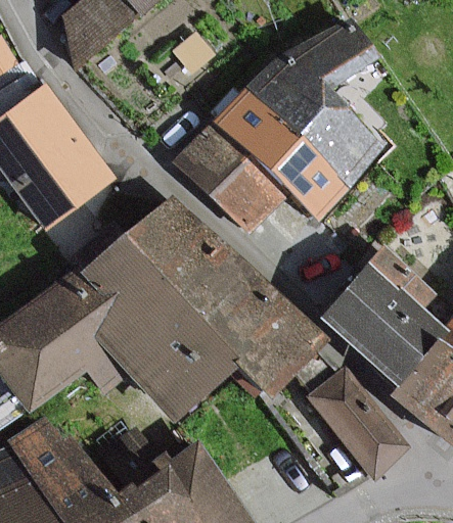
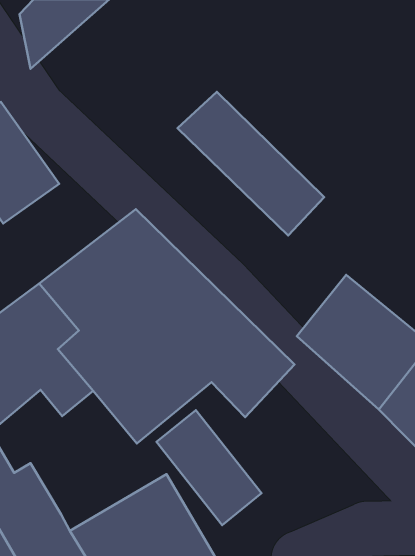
building: [248,18,389,185] -> none
building: [174,121,315,259] -> none
building: [306,367,404,474] -> [156,410,262,525]

